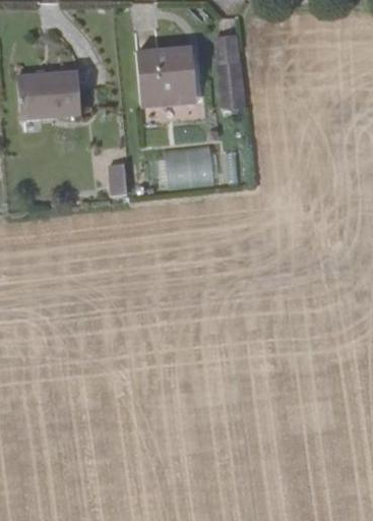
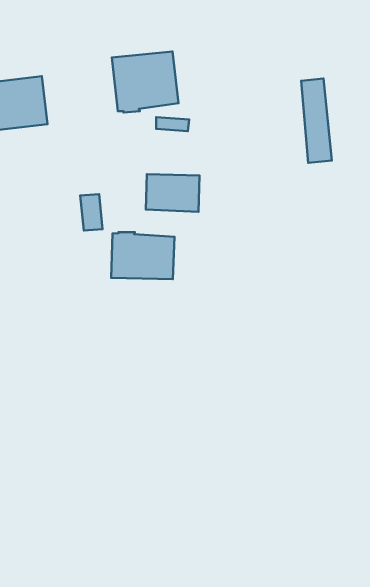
building: [215,35,242,108] -> [301,79,332,163]
building: none -> [111,232,175,279]

